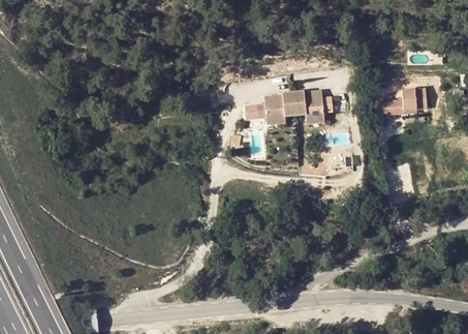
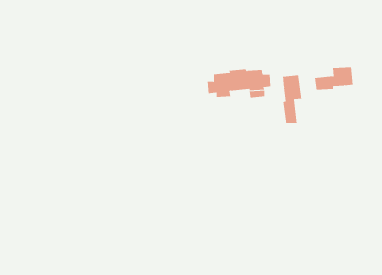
building: none -> [282,75,302,124]

